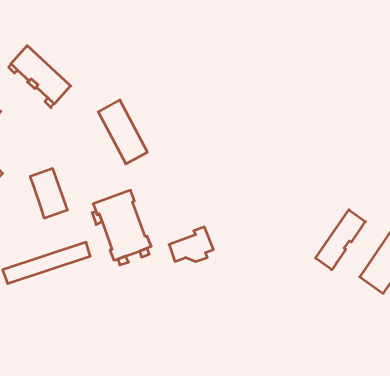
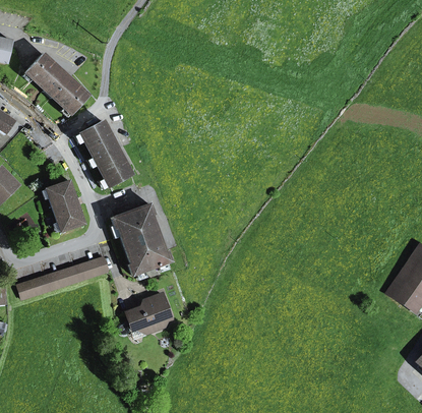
building: [98,100,147,164] -> [80,120,131,186]
building: [316,210,366,270] -> none
building: [169,227,213,261] -> [126,294,172,330]

